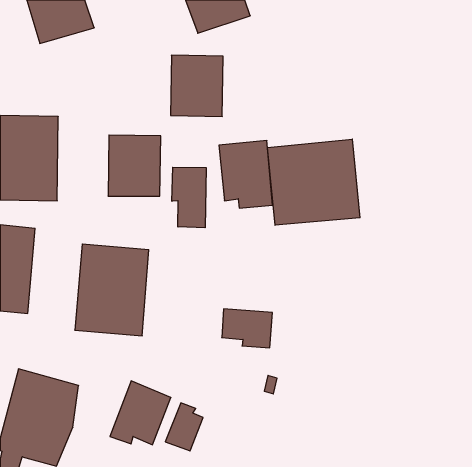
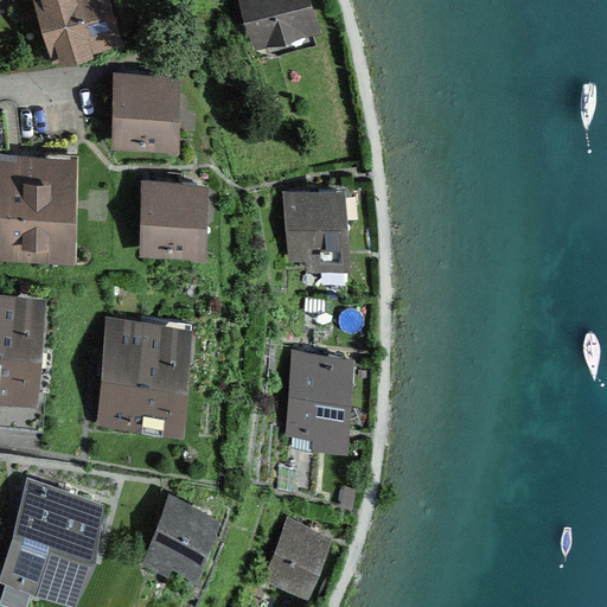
building: [171,55,223,116] -> [110,74,178,152]
building: [268,139,360,225] -> none
building: [172,167,206,228] -> none
building: none -> [287,352,354,408]
building: [165,403,203,451] -> [271,526,320,588]

